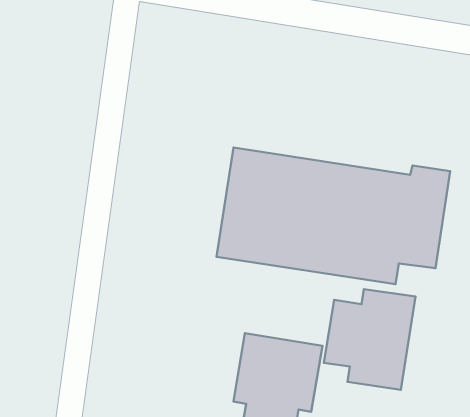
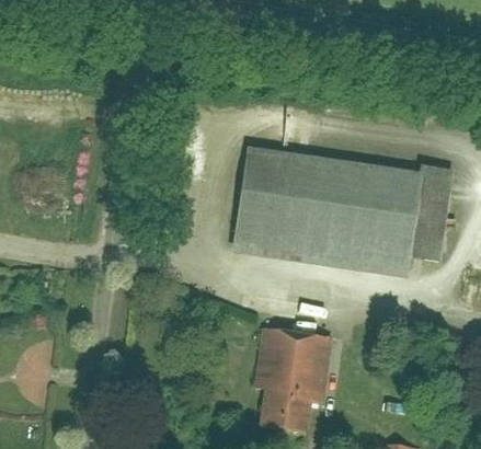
building: [324,289,416,390] -> none

